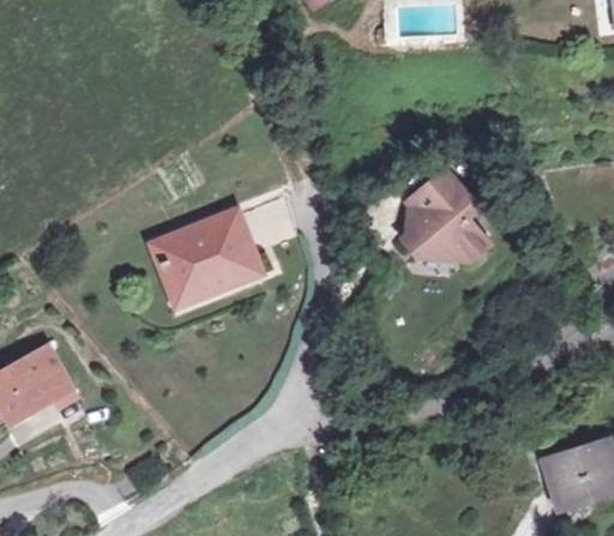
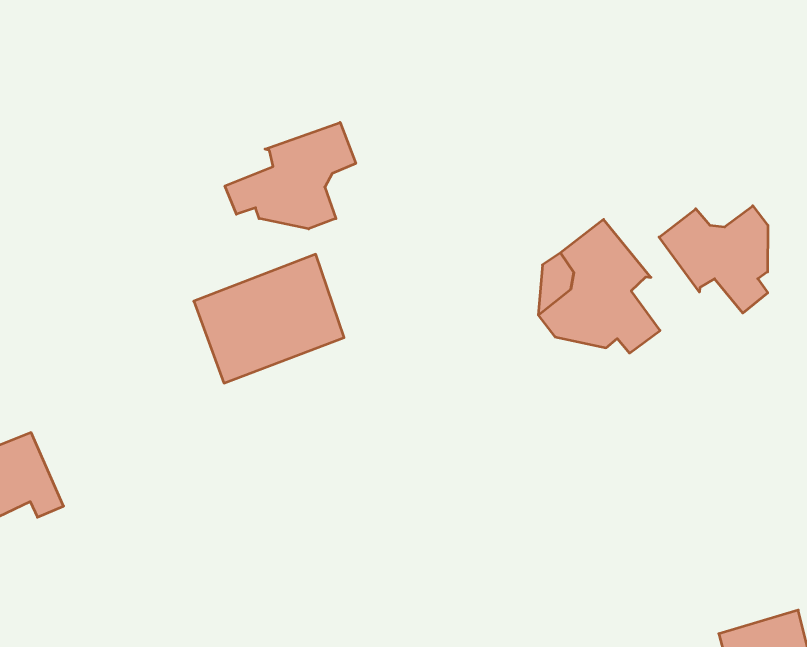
building: none -> [225,122,356,229]
building: none -> [659,206,768,313]

